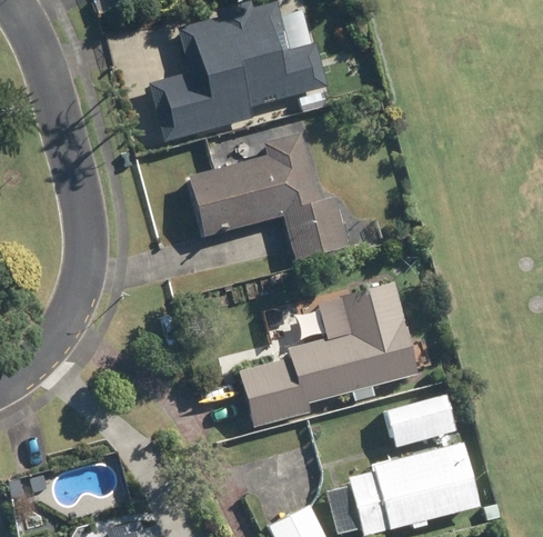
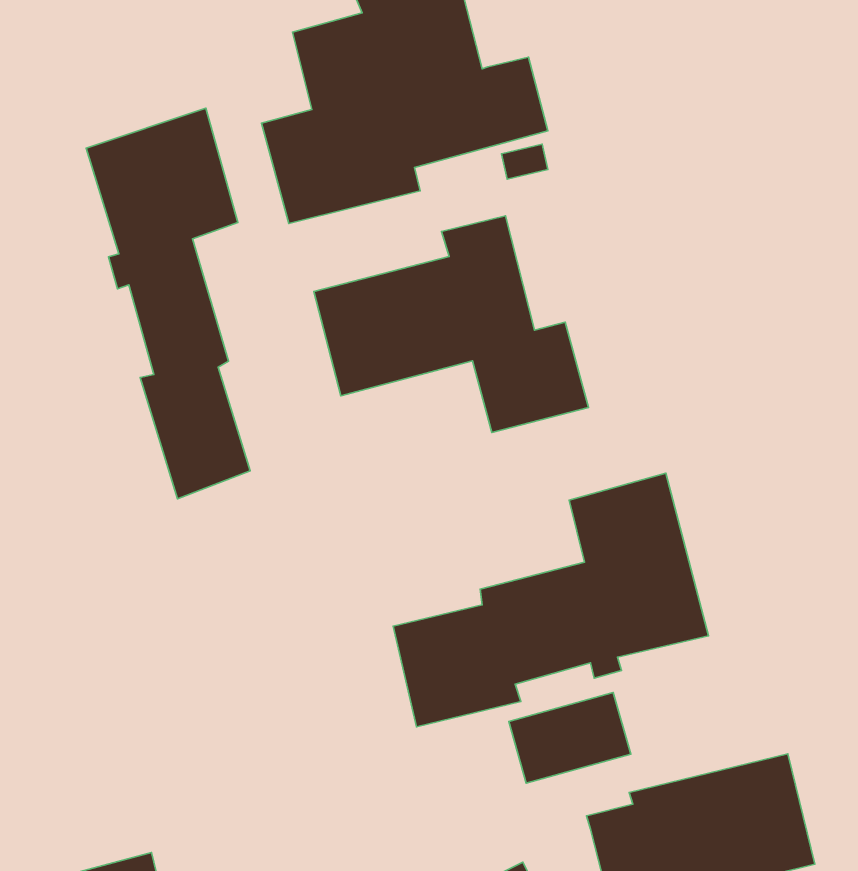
building: none -> [86,108,250,499]
building: [386,394,456,446] -> [509,692,631,783]

